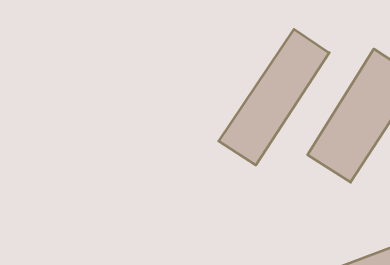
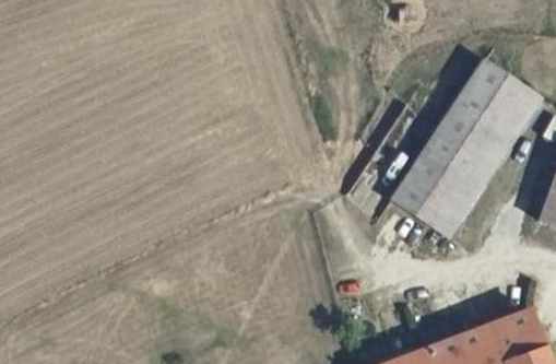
building: [219,29,329,165] -> none

